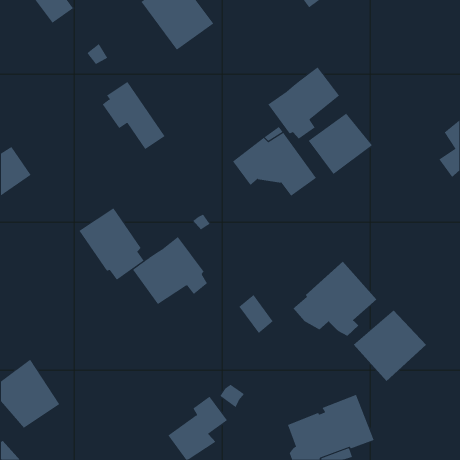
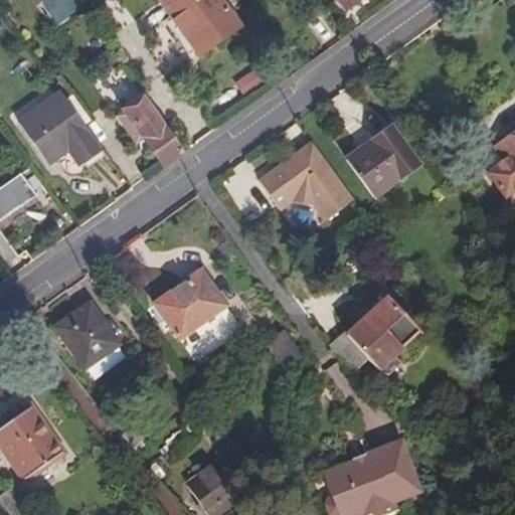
building: [268,67,340,139] -> none
building: none -> [19,93,103,170]
building: [79,207,144,280] -> [53,298,127,379]
building: [353,310,427,382] -> none

